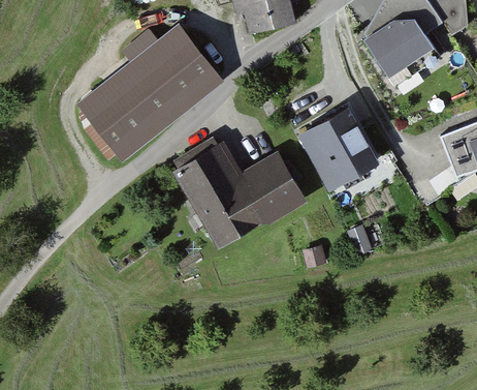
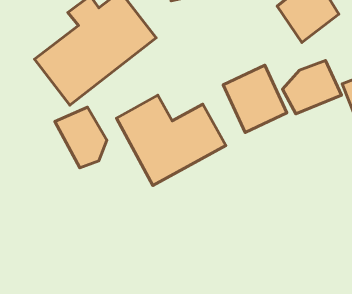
building: none -> [283,60,341,114]
building: none -> [55,107,107,168]

